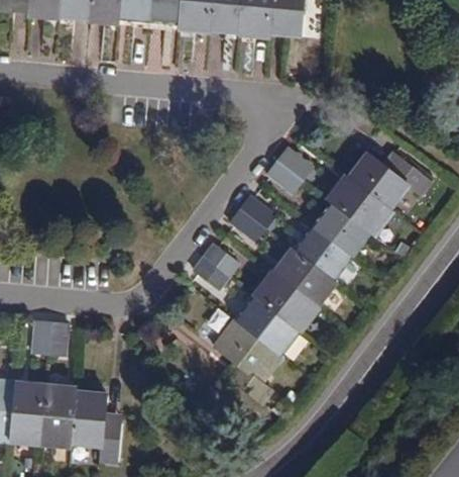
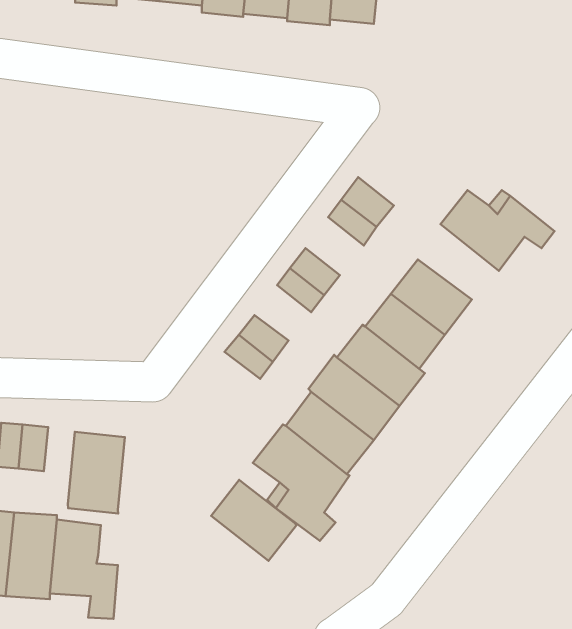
building: [327,178,391,236] -> none
building: none -> [68,432,125,513]
building: none -> [211,480,296,561]

